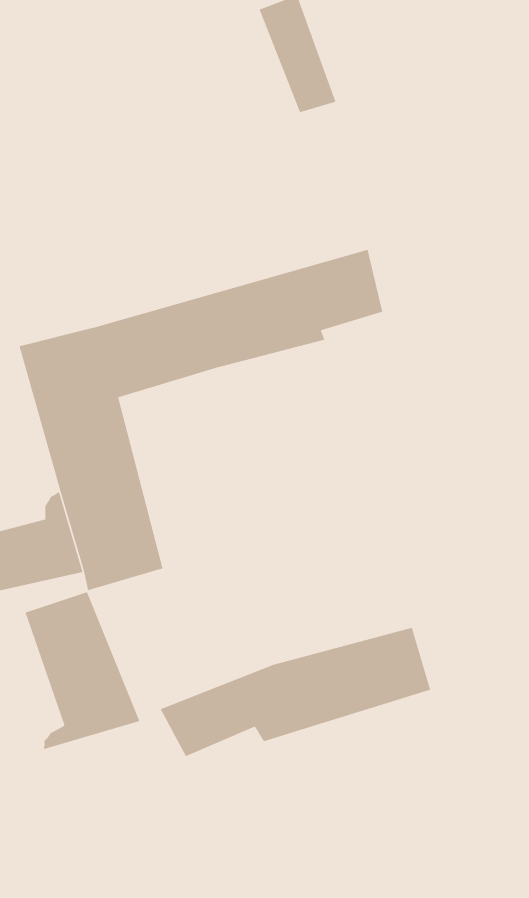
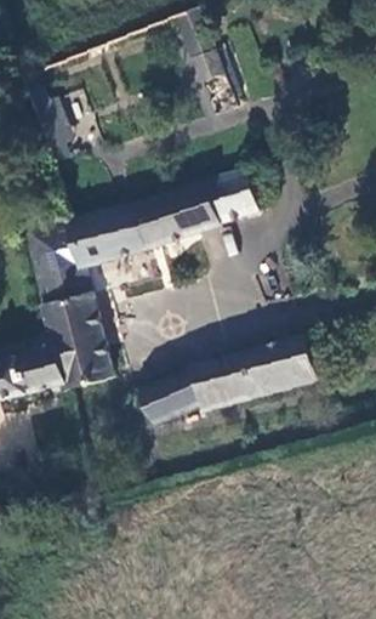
building: [25,591,140,750] -> none
building: [159,627,431,757] -> [138,339,315,424]

